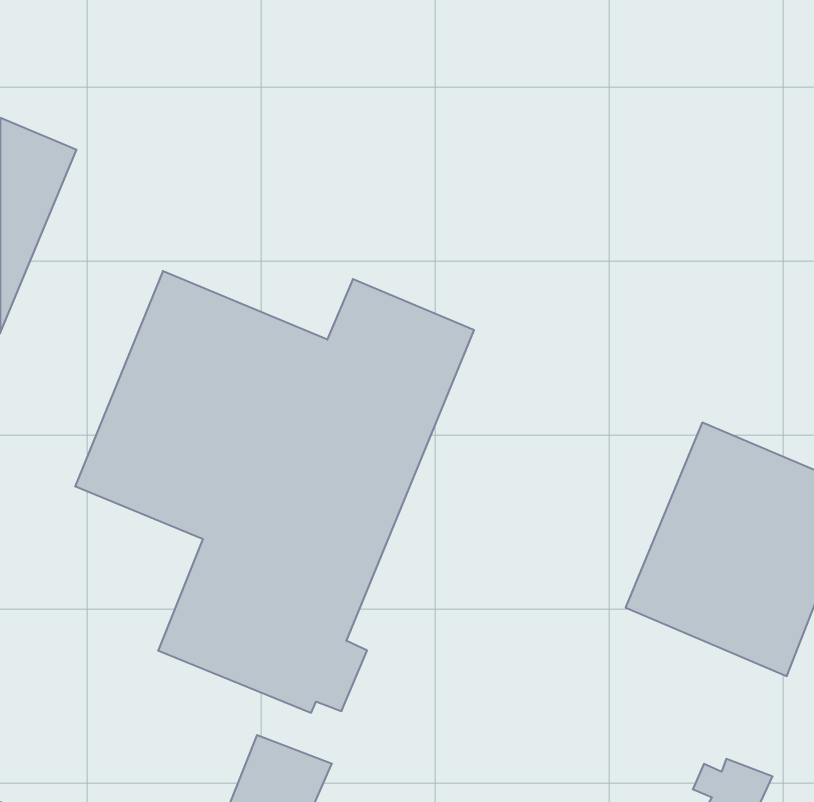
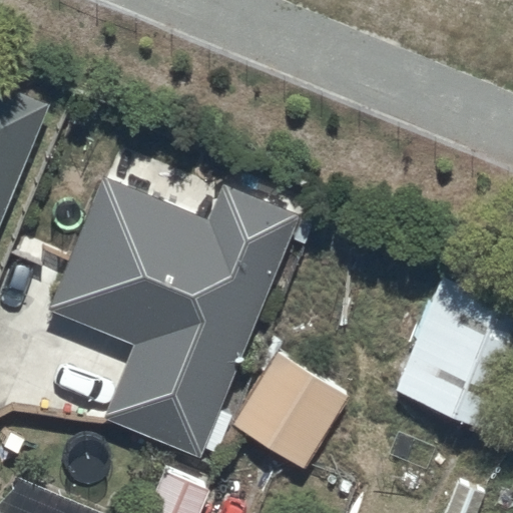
building: none -> [230,351,347,469]

